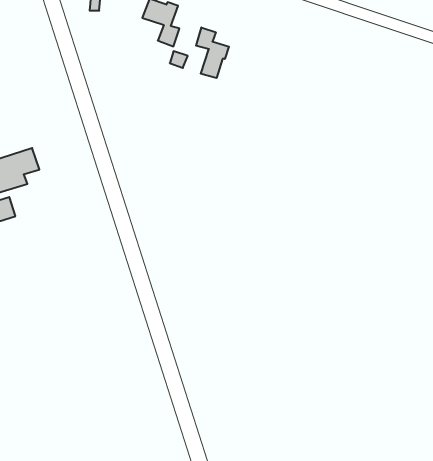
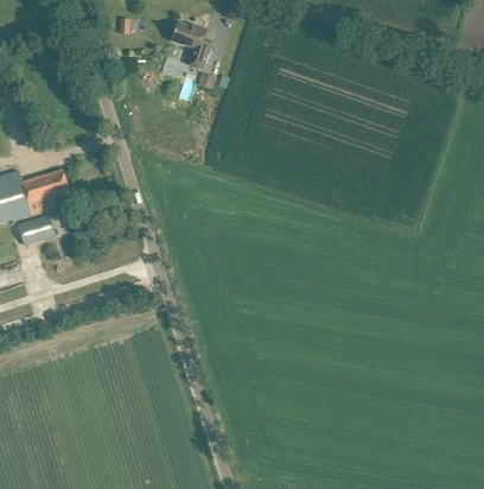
building: [196,27,229,78] -> none

